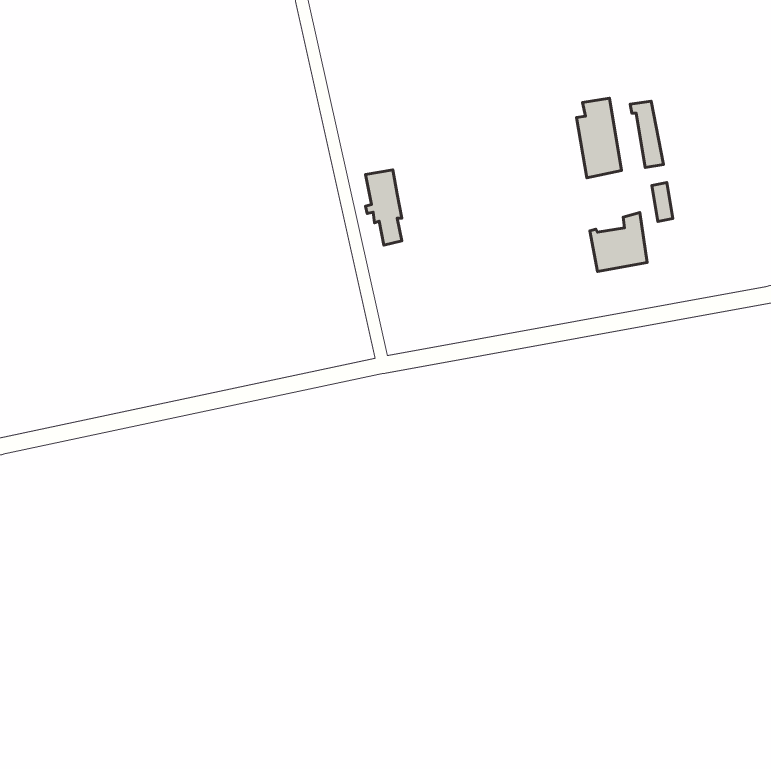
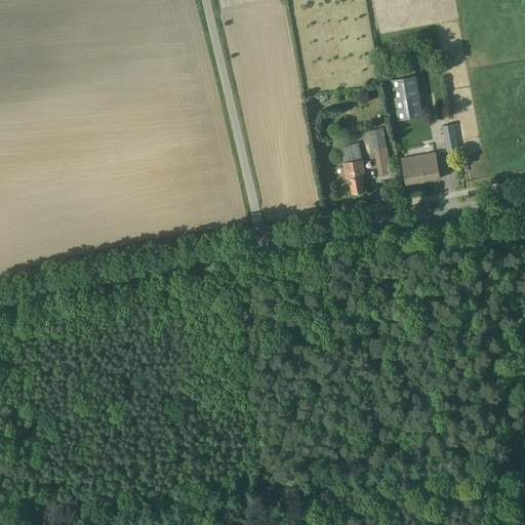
building: [630,101,663,168] -> [368,129,391,174]
building: [366,170,402,245] -> [340,145,365,196]

